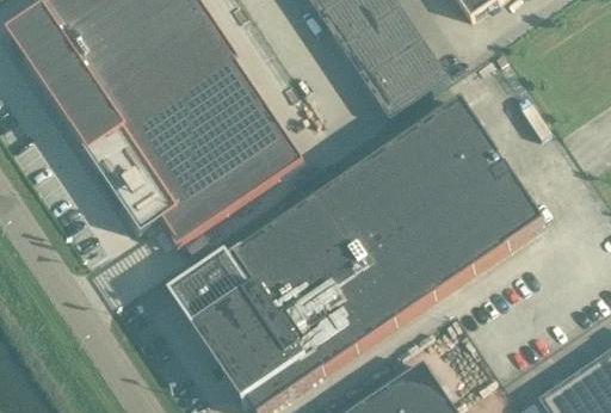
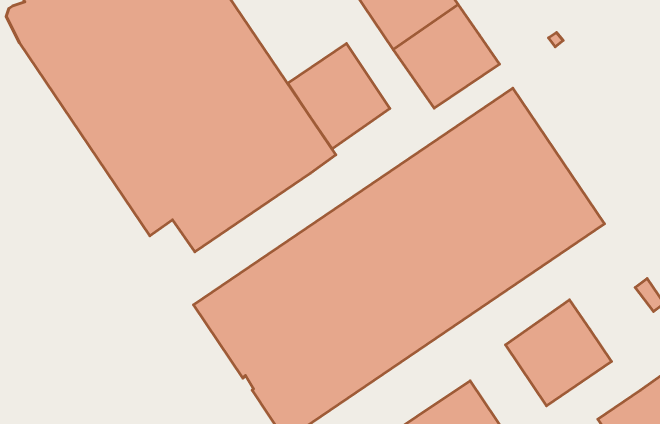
building: none -> [288,44,390,149]
building: none -> [505,300,612,406]

